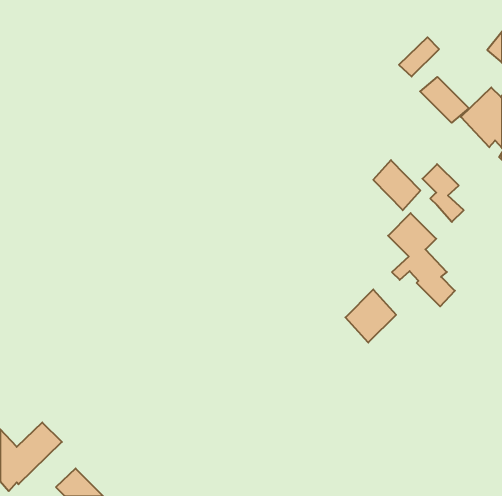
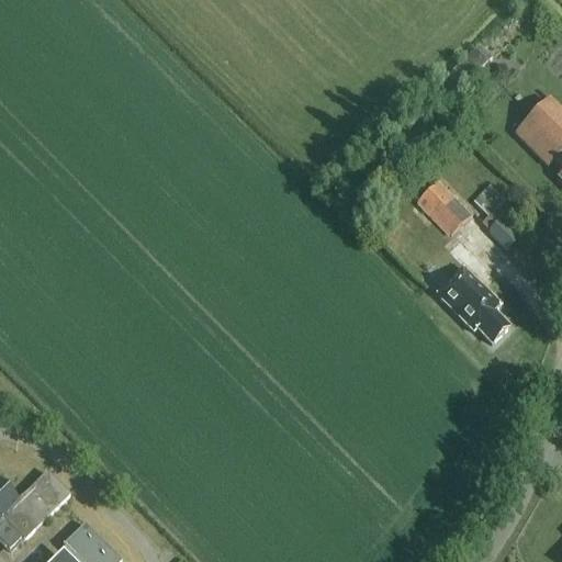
building: [420,77,469,123] -> none
building: [345,289,396,343] -> none

